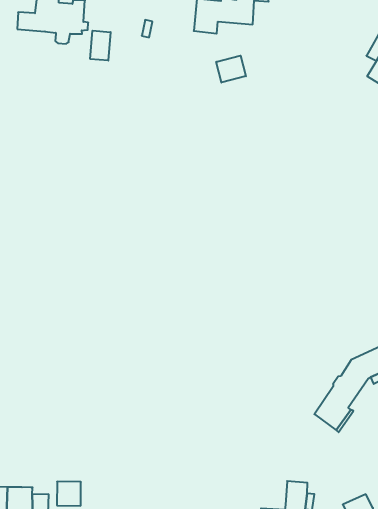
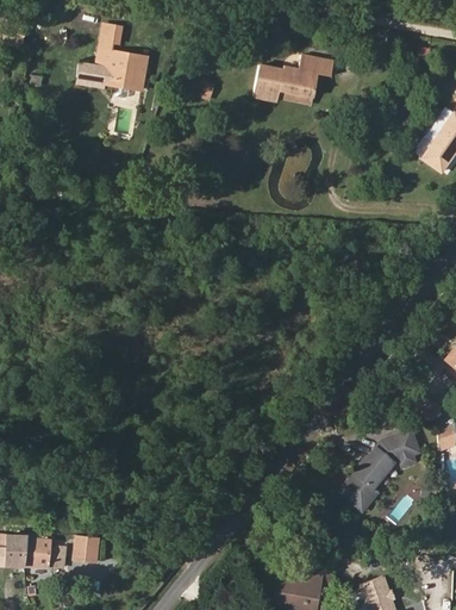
building: [90,31,111,61] -> none
building: [216,56,246,83] -> none

